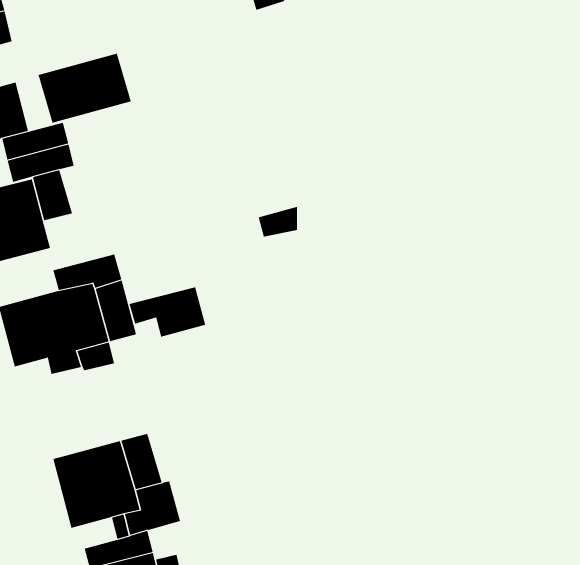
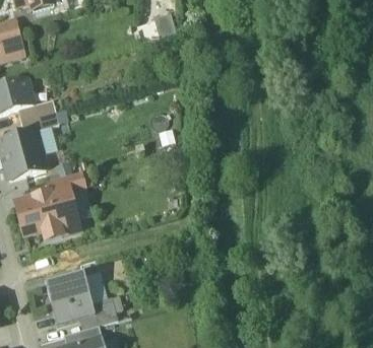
building: [38,53,131,124] -> none
building: [129,286,206,338] -> none

